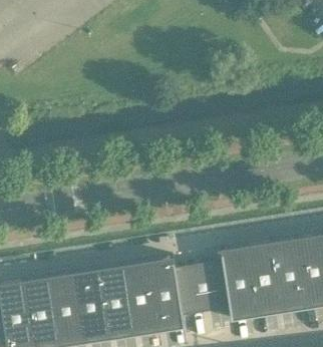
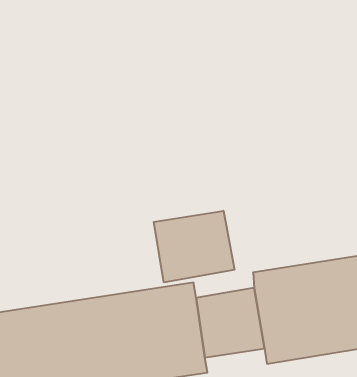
building: none -> [154,211,234,282]

